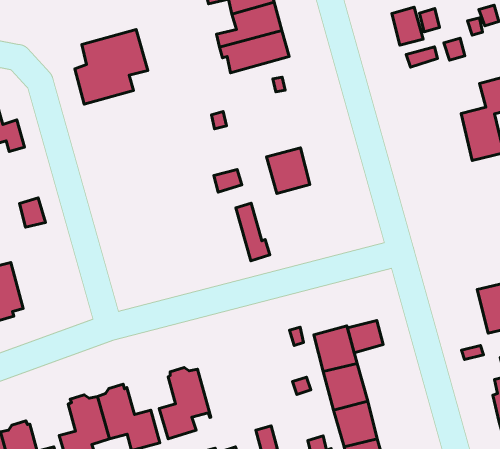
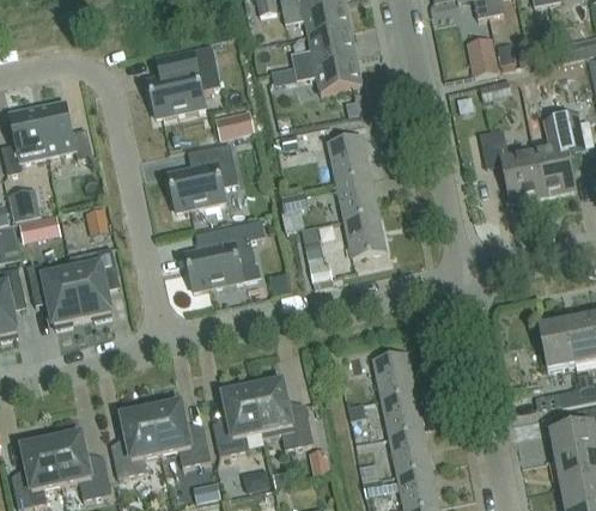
building: none -> [217,107,256,136]
building: none -> [480,127,541,200]
building: none -> [328,134,370,178]
building: none -> [166,146,237,214]
building: none -> [343,208,385,256]
building: none -> [186,221,266,293]
building: none -> [73,245,121,318]
building: [347,320,383,353] -> none
building: none -> [254,376,314,448]

